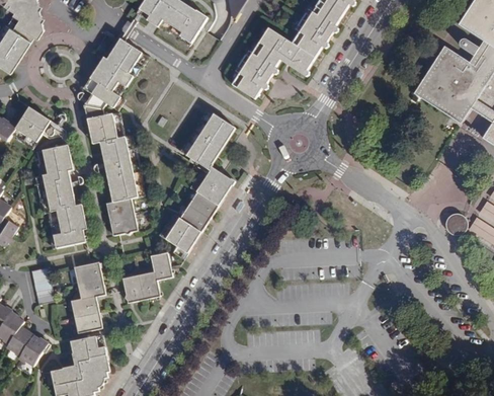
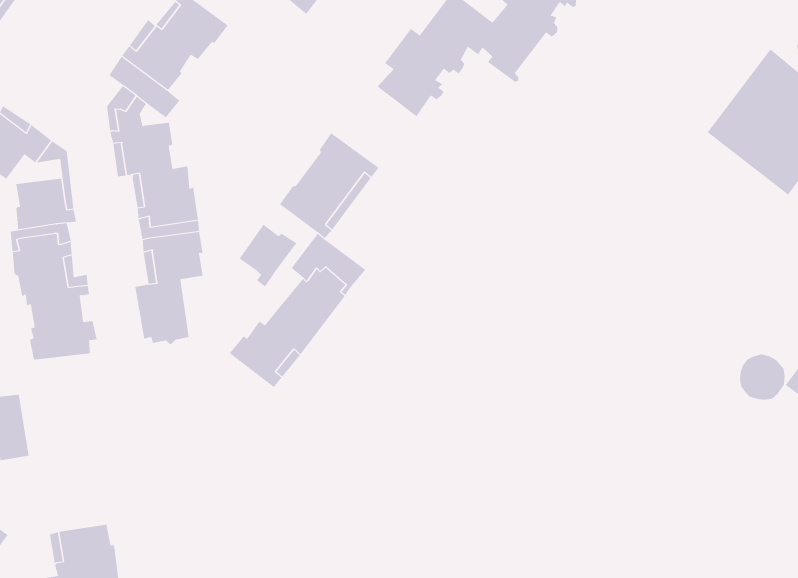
building: none -> [239,224,297,288]
building: [122,251,173,301] -> none
building: [72,261,105,332] -> none

